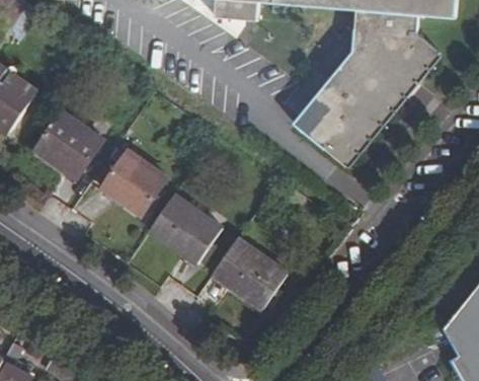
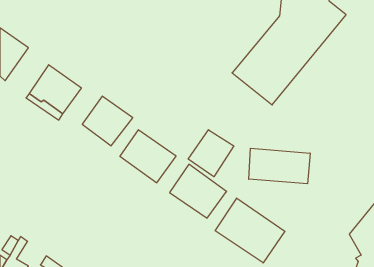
building: none -> [188,130,234,177]
building: none -> [249,148,310,184]
building: none -> [215,198,285,263]

